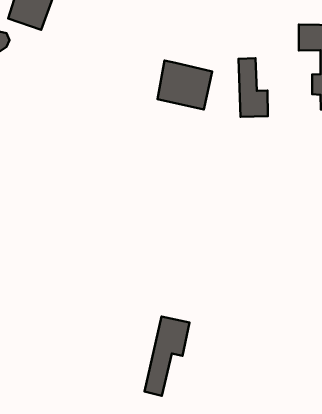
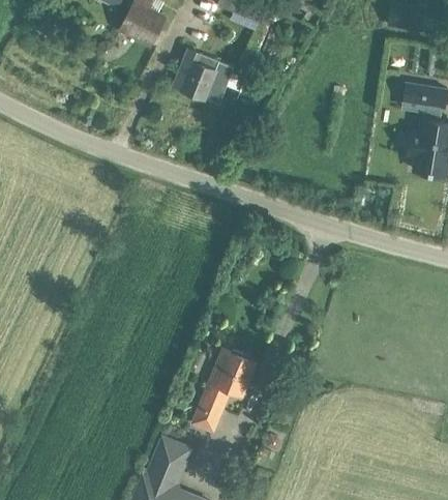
building: [238,58,268,117] -> none
building: [157,60,212,109] -> [174,49,233,104]

